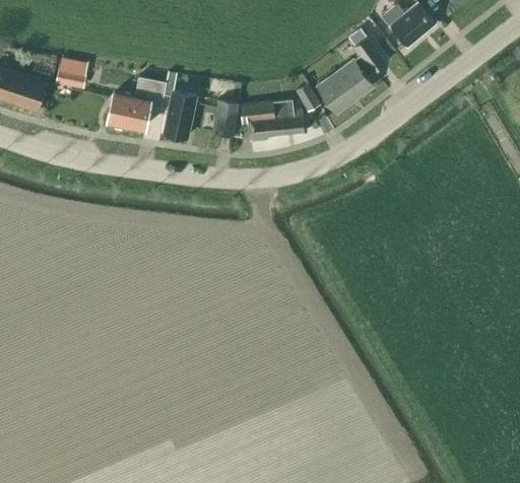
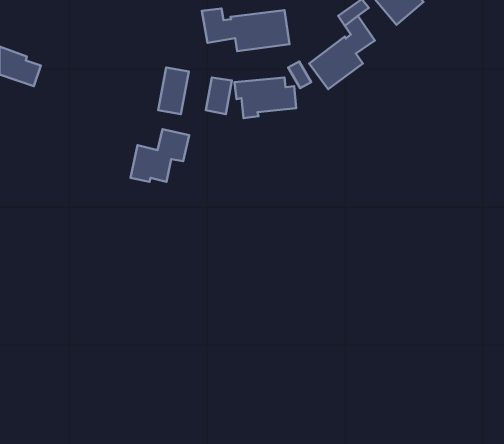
building: none -> [202,9,289,51]
building: [57,57,89,88] -> none
building: [108,76,168,130] -> [131,129,189,182]

